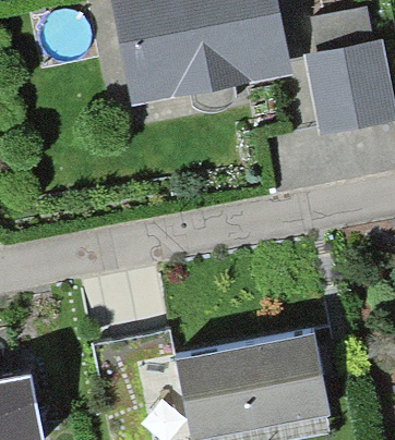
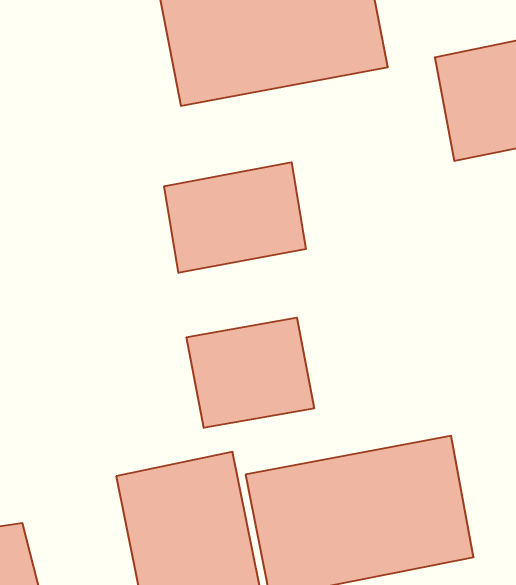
building: none -> [164,162,306,273]
building: none -> [187,318,314,428]

